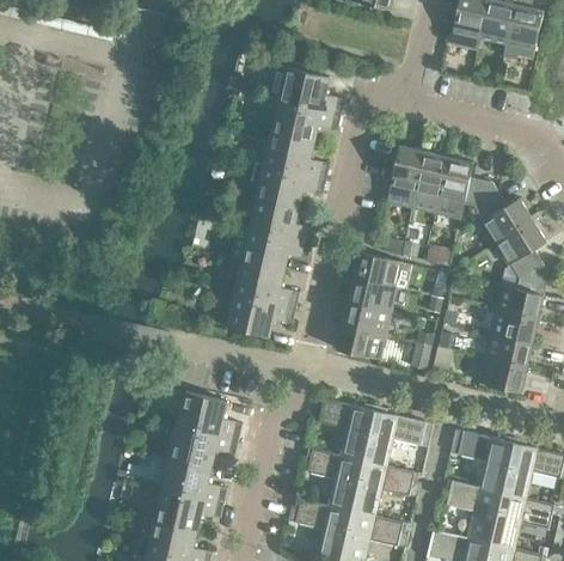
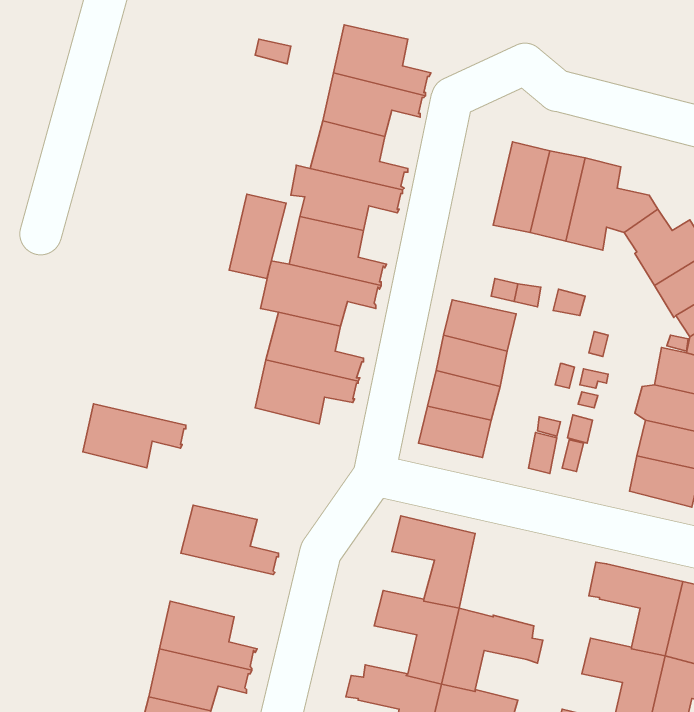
building: none -> [229,194,286,278]
building: [363,410,433,467] -> none
building: [168,423,238,467] -> [83,404,186,468]

